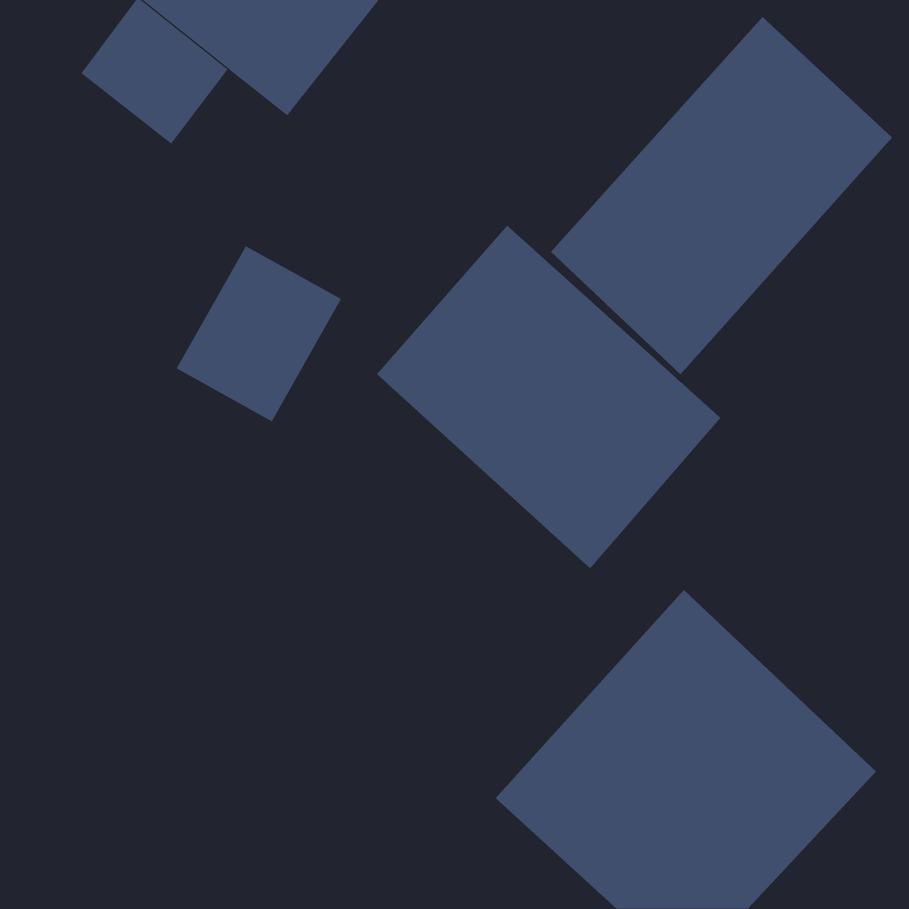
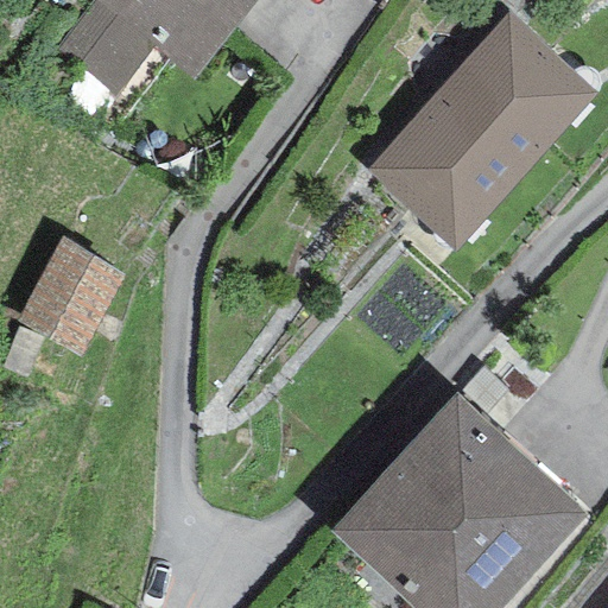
building: [376,225,721,569] -> none
building: [176,245,342,422] -> [17,239,127,356]

